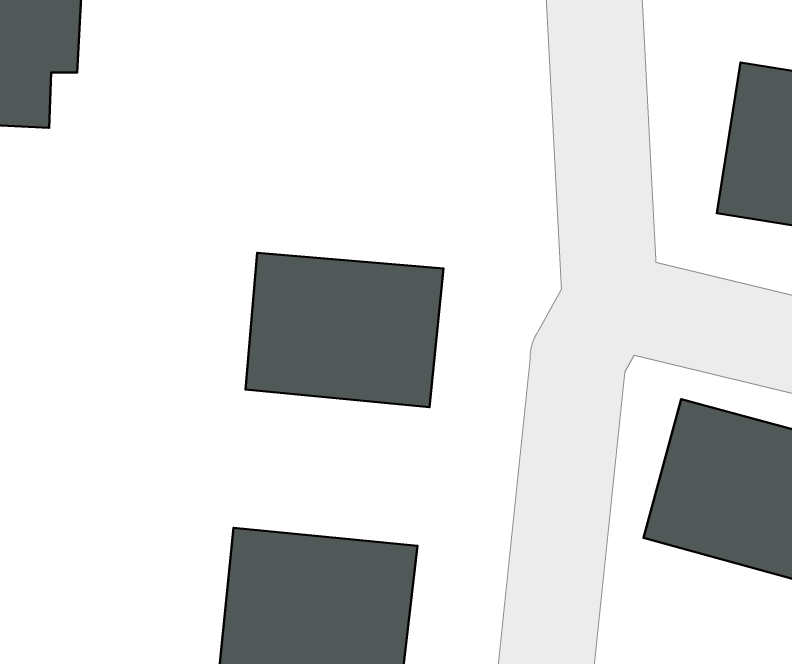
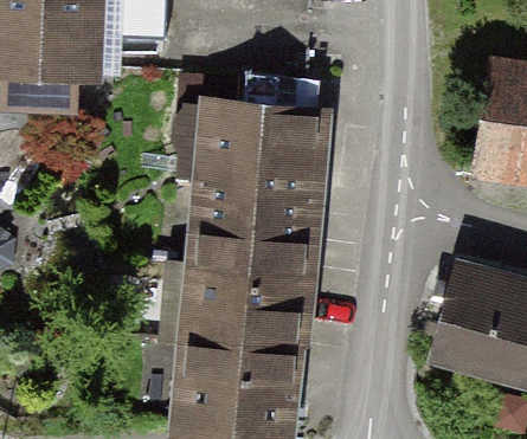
building: none -> [176,96,322,188]
building: none -> [188,260,306,354]

